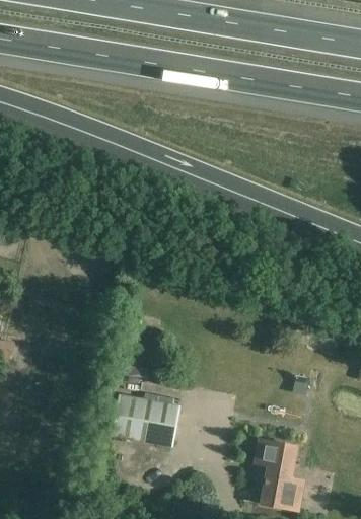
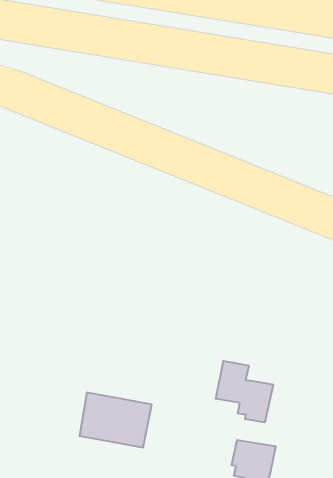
building: none -> [216,361,273,422]

